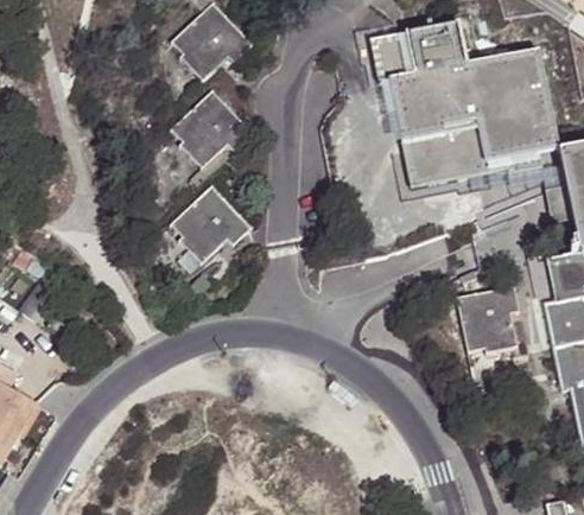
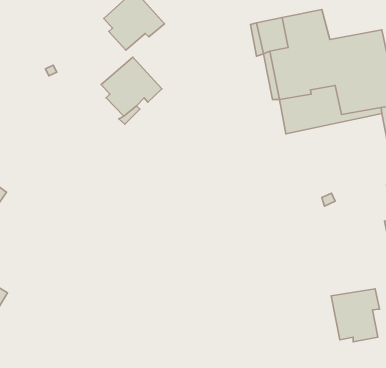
building: [167,187,246,263] -> none
building: [458,287,523,358] -> [331,289,380,342]

